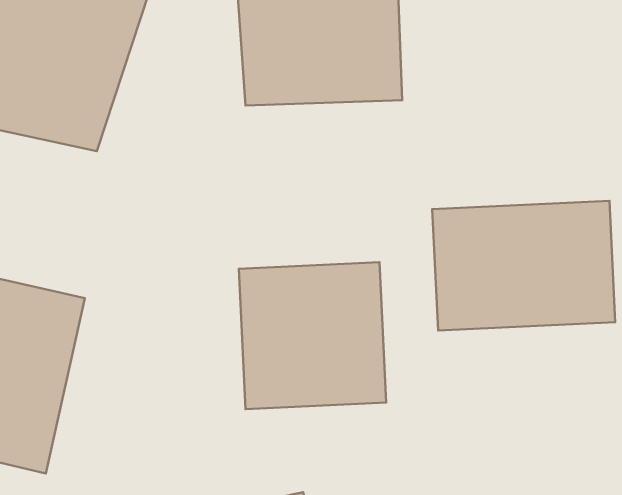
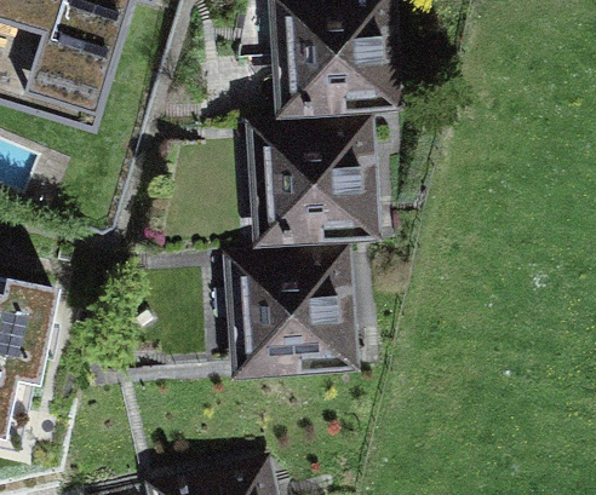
building: none -> [224,100,369,237]
building: [432,201,615,331] -> none

